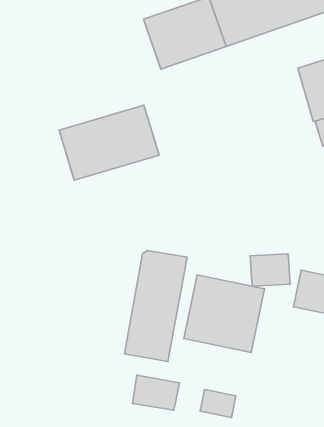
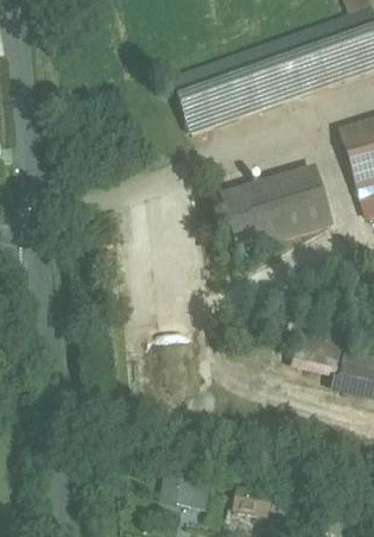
building: [59,105,159,180] -> [222,169,331,251]
building: [125,251,187,362] -> none
building: [184,275,264,353] -> none

